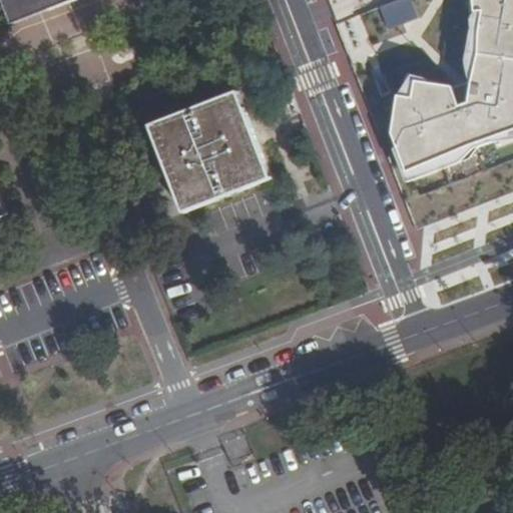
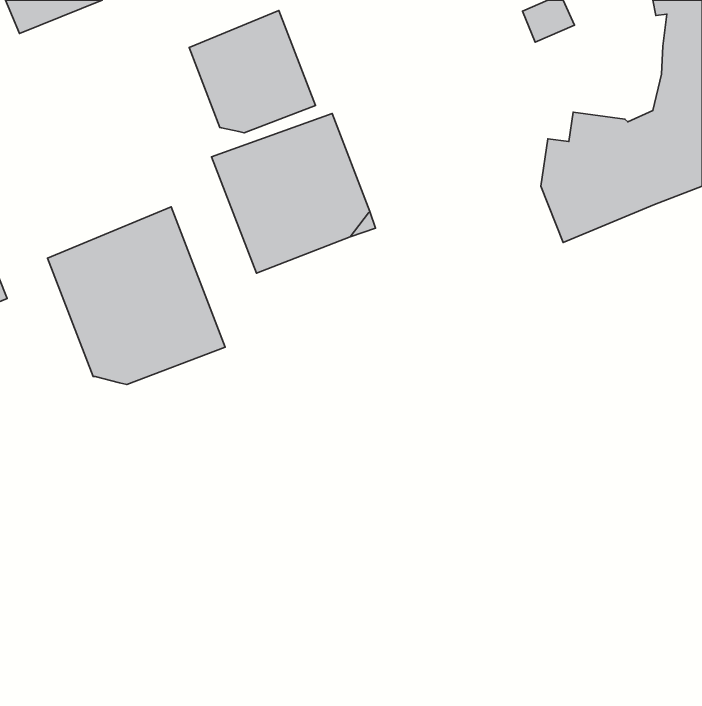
building: none -> [189,10,316,133]
building: none -> [48,207,225,385]

